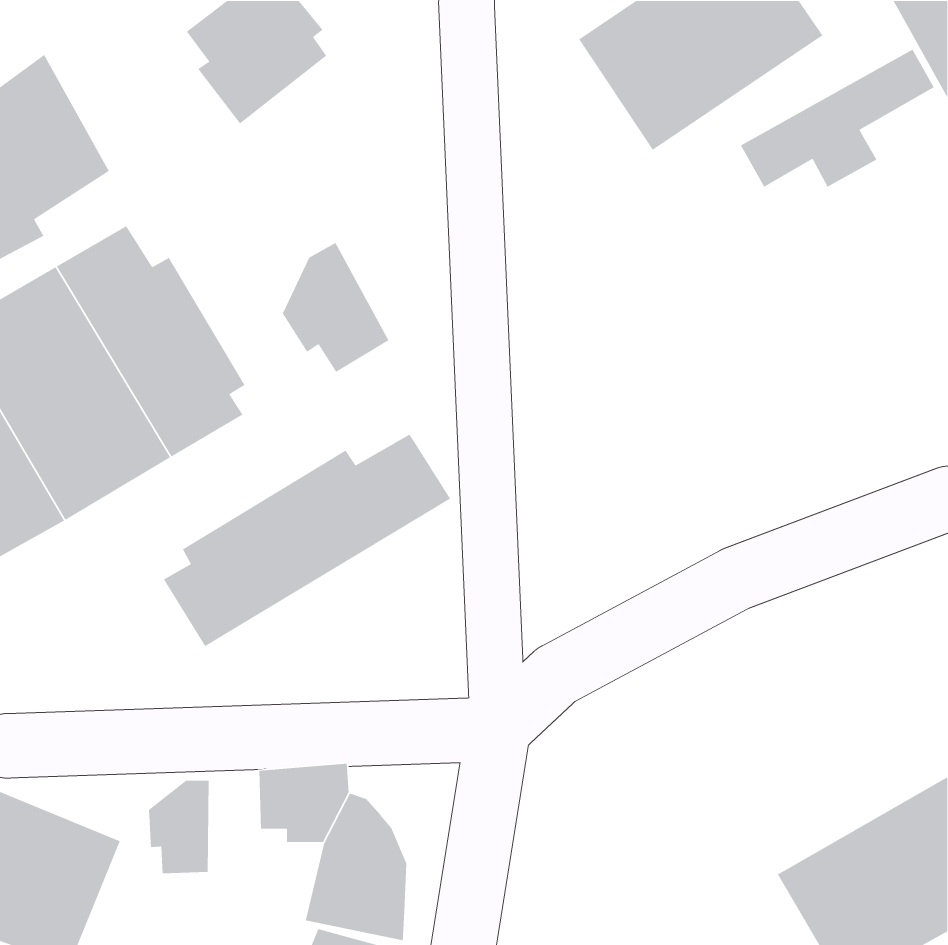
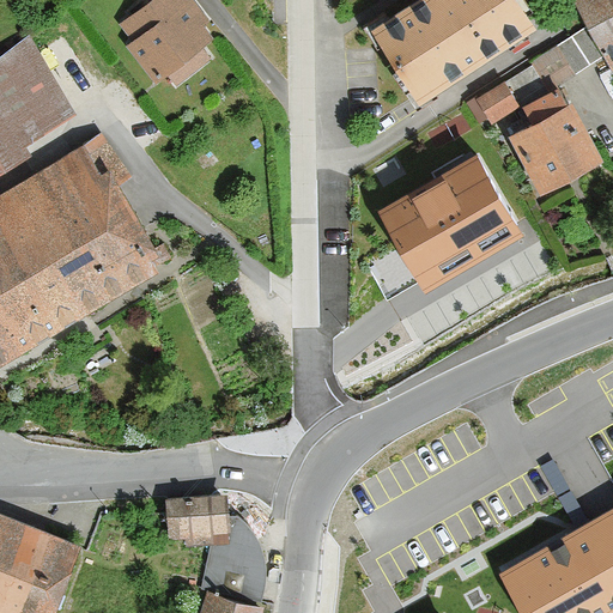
building: none -> [509,104,601,193]
building: none -> [378,154,521,289]
building: [282,242,390,373] -> none
building: [163,433,451,647] -> none
building: [148,780,209,874] -> none

